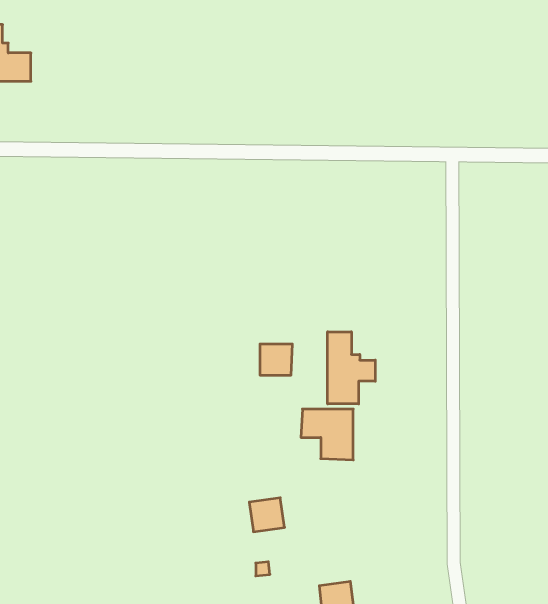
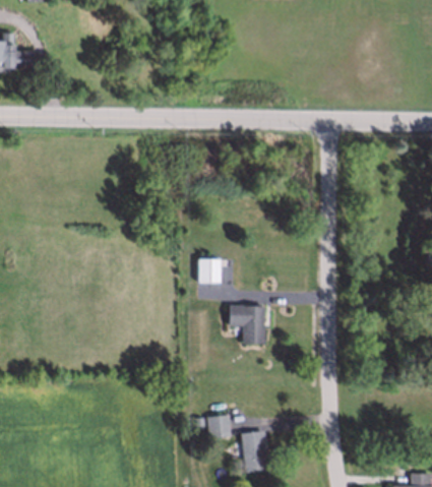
building: [328,332,375,404] -> none
building: [249,498,285,532] -> [206,414,232,438]

